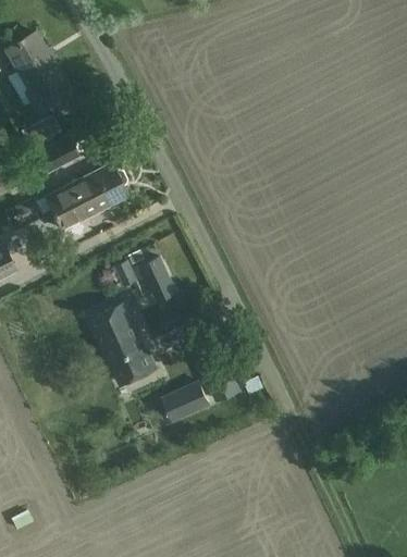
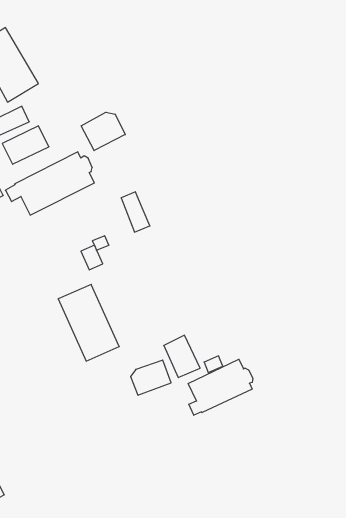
building: none -> [81,112,125,151]
building: [145,257,175,299] -> [121,192,150,232]
building: none -> [188,359,253,415]

